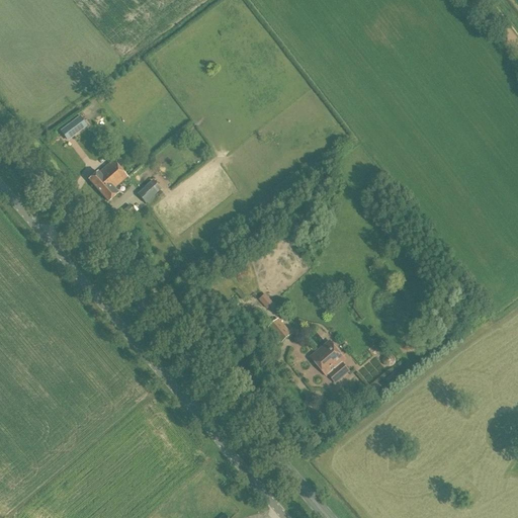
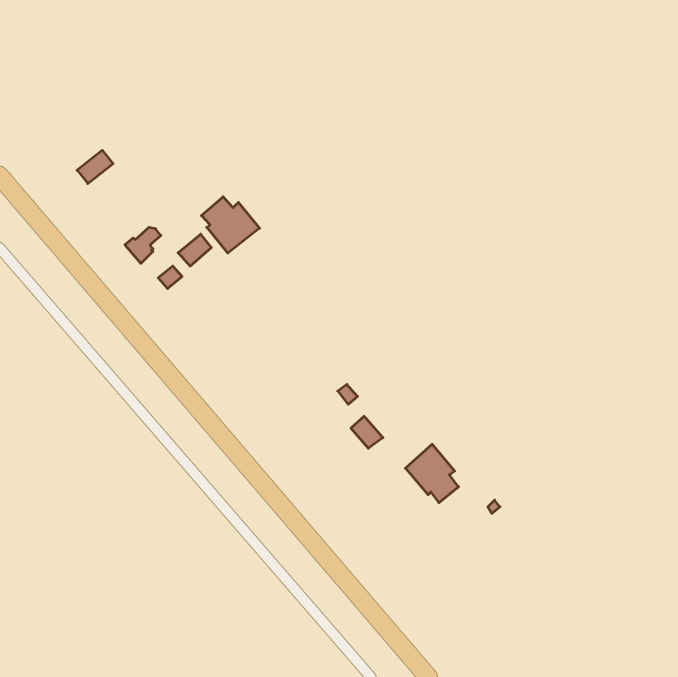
building: none -> [201,197,260,253]
building: [87,159,126,186] -> none

